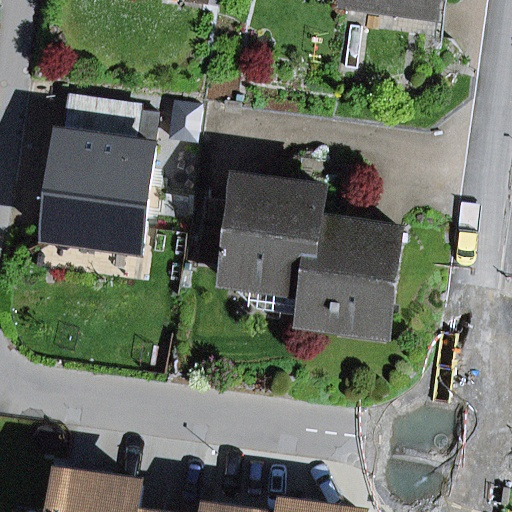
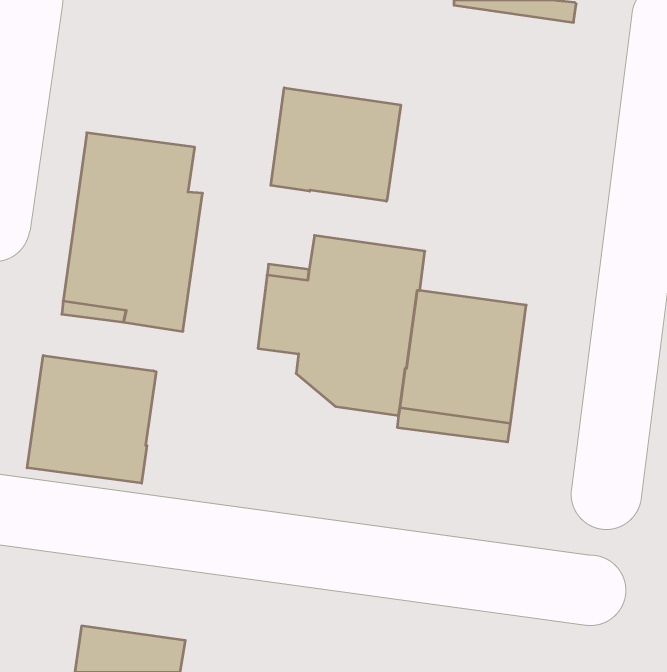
building: none -> [271,88,401,201]
building: none -> [27,355,156,483]

